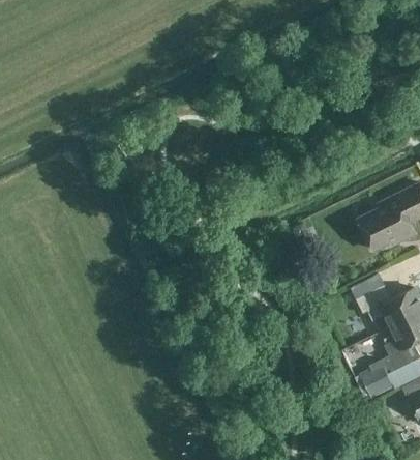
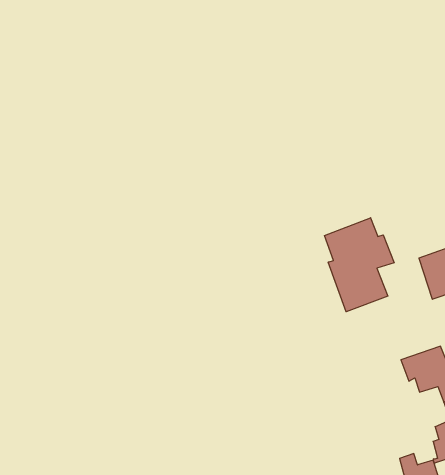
building: none -> [325,218,394,312]

